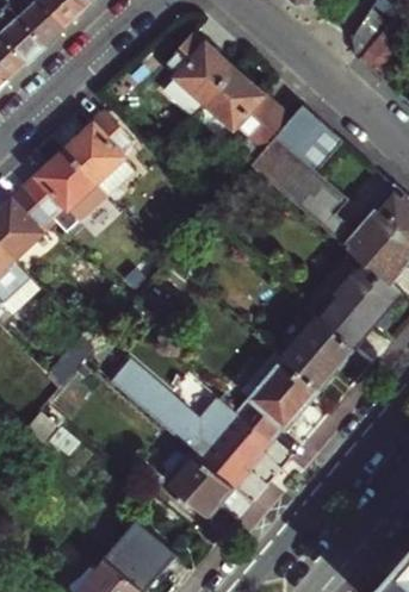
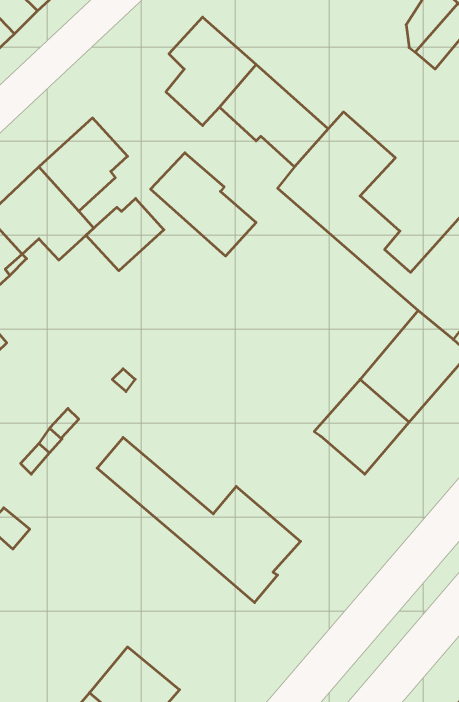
building: none -> [151,153,256,256]
building: none -> [86,198,164,271]
building: [236,357,318,440] -> none
building: [165,450,233,517] -> none

